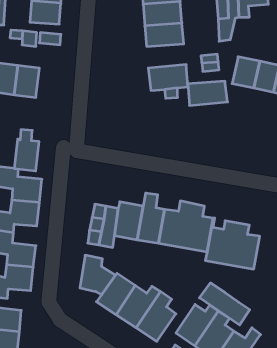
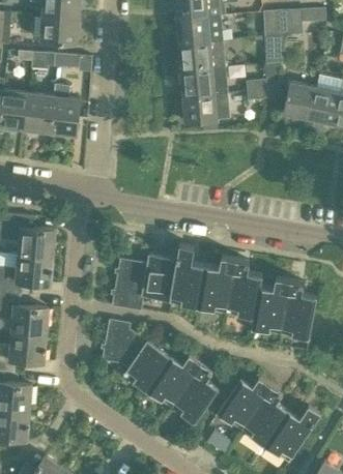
building: [188,81,228,105] -> [181,66,229,95]
building: [14,130,39,171] -> [49,84,79,134]
building: [199,283,250,325] -> none

